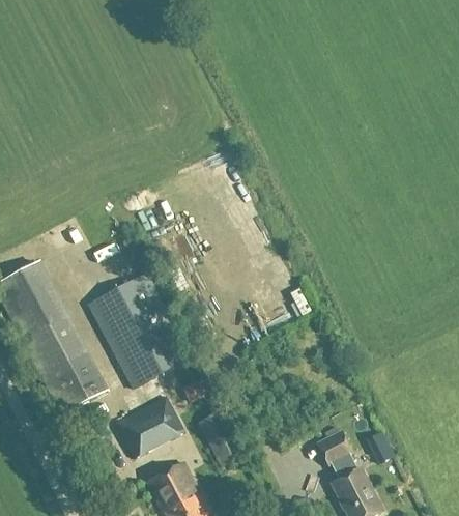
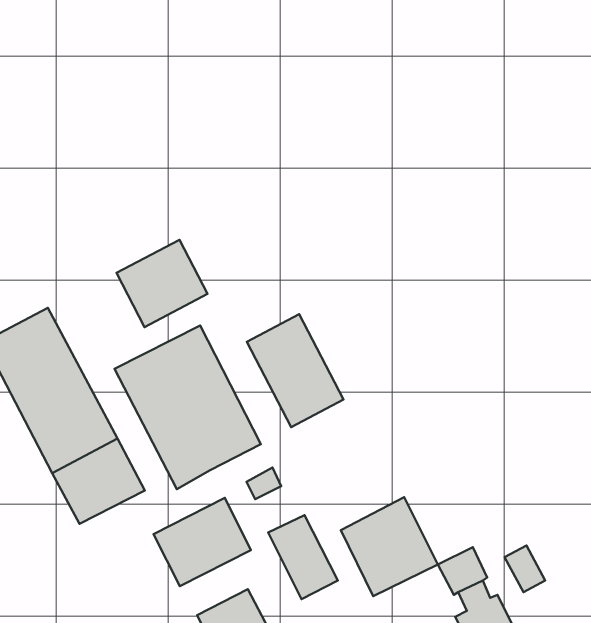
building: none -> [116,240,208,327]
building: none -> [247,314,343,427]
building: none -> [341,497,438,596]

